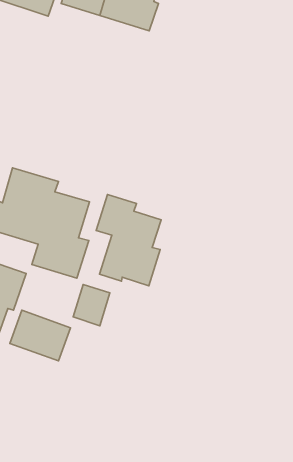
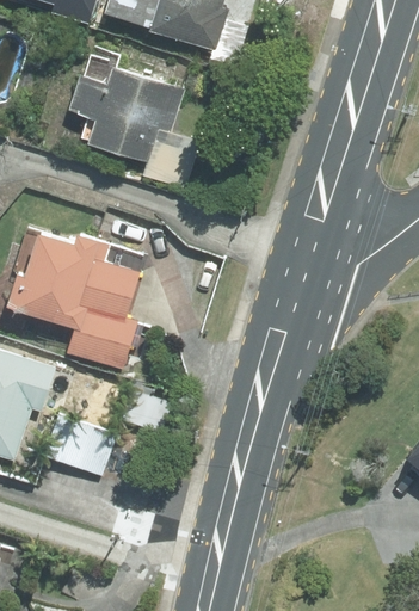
building: none -> [88,67,198,190]
building: [96,195,161,286] -> none

